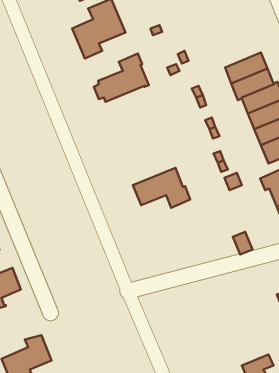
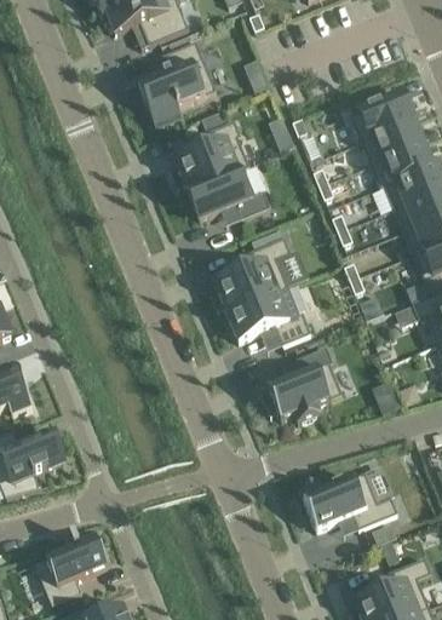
building: none -> [349,92,413,140]
building: none -> [186,167,269,219]
building: none -> [209,237,291,311]
building: none -> [263,346,341,421]
building: none -> [300,472,397,529]

